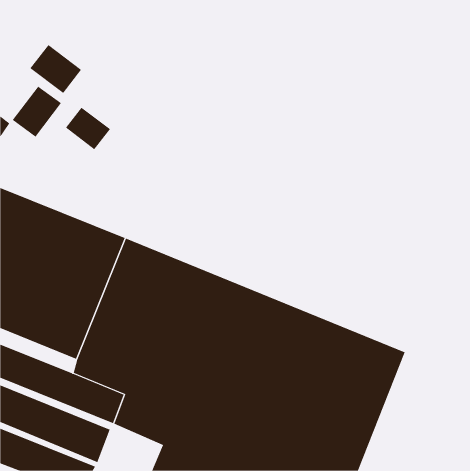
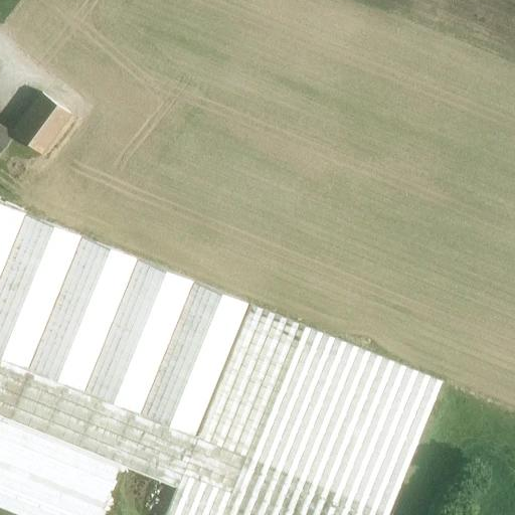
building: [30,44,82,94] -> none
building: [65,107,111,150] -> none

